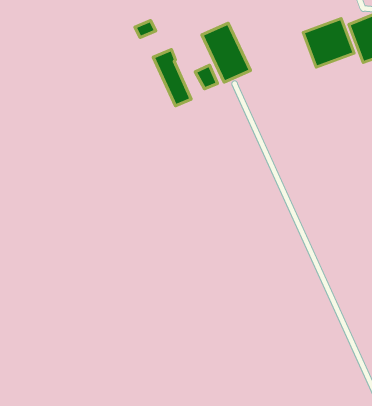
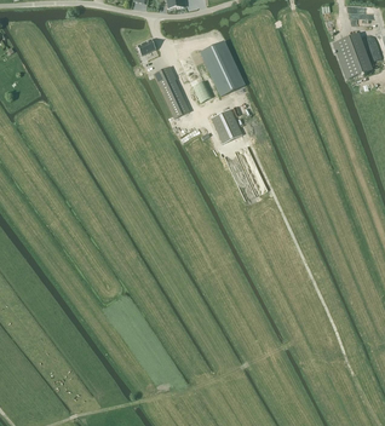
building: [303,19,354,67] -> none
building: none -> [212,110,242,143]

